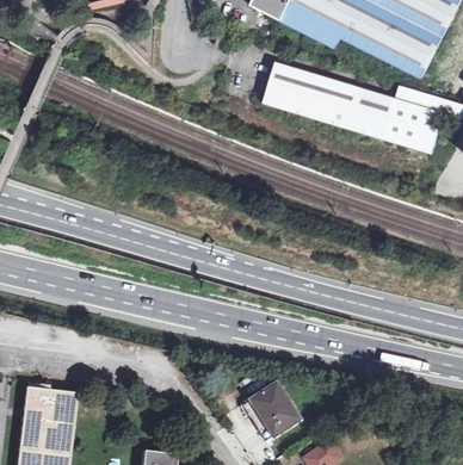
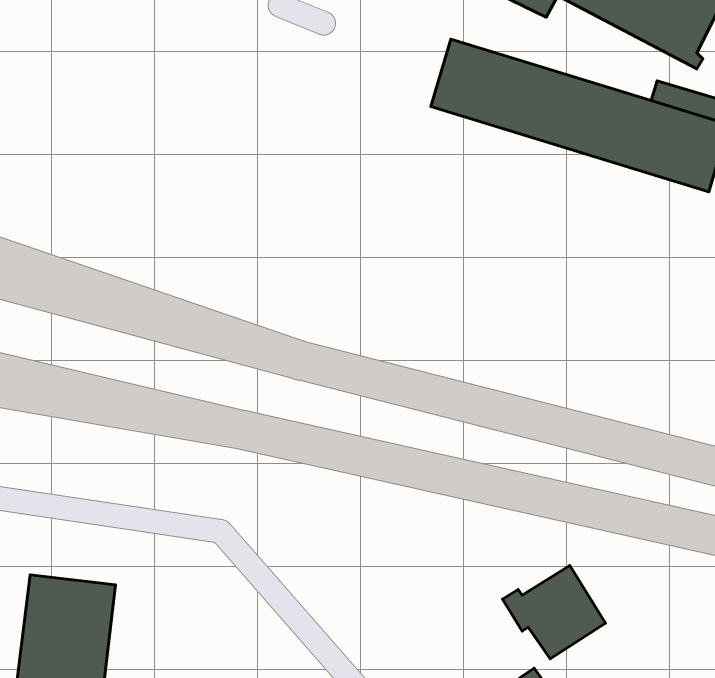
building: [237,384,300,440] -> [502,566,606,659]

